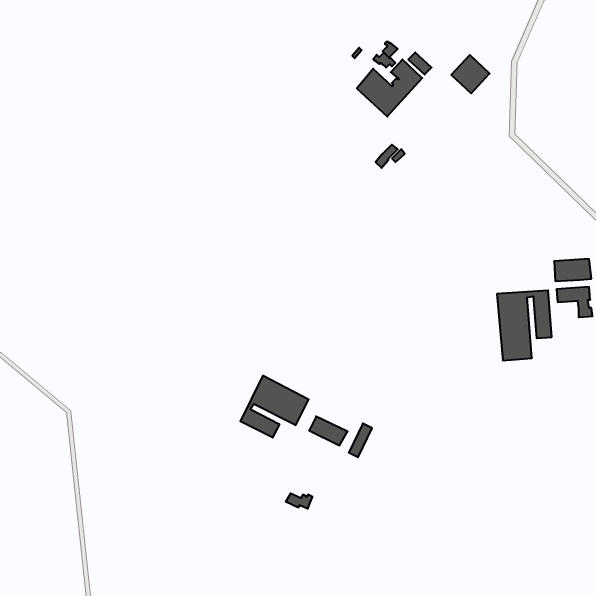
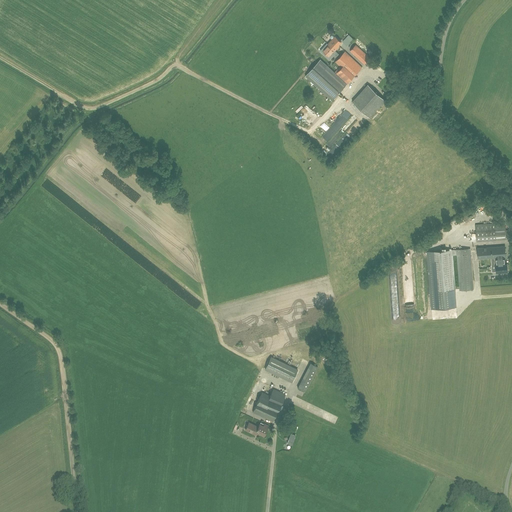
building: [451,55,490,93] -> [352,84,385,117]
building: [240,376,309,438] -> none
building: none -> [253,389,286,421]

